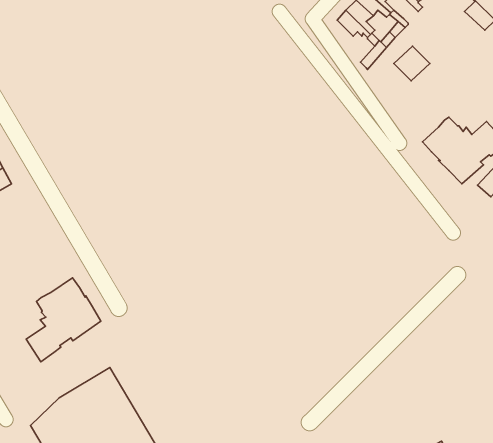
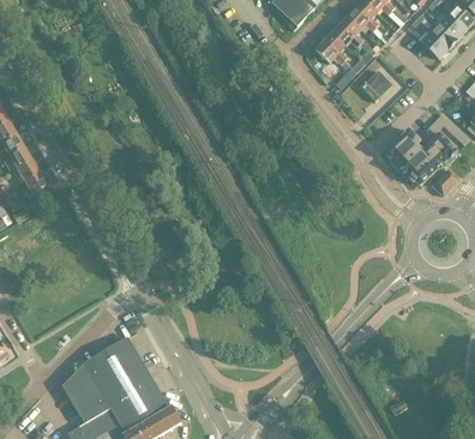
building: [26,278,101,362] -> none

